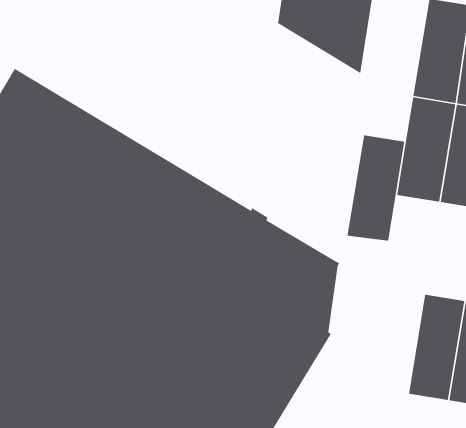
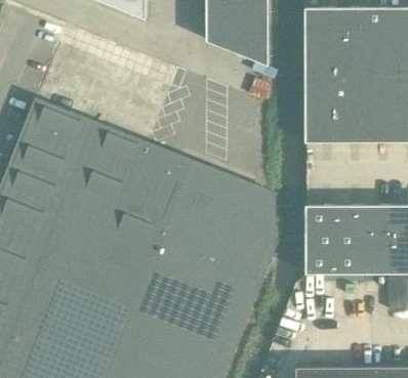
building: [347,134,405,242] -> [304,205,333,275]

